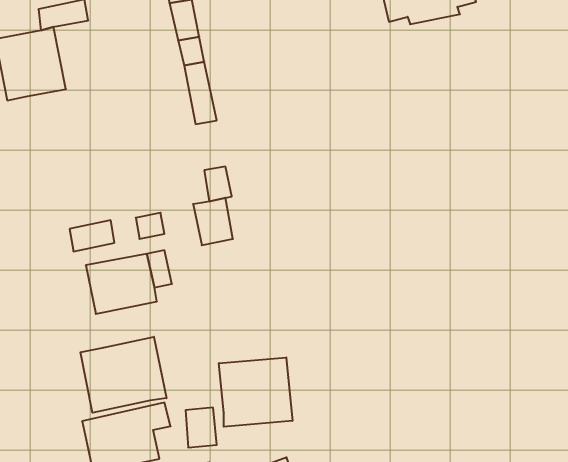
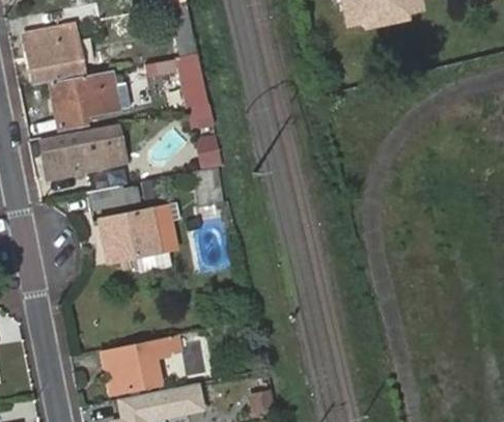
building: none -> [50,71,118,129]
building: none -> [39,123,129,180]
building: [80,337,166,413] -> none
building: [219,357,292,427] -> none

